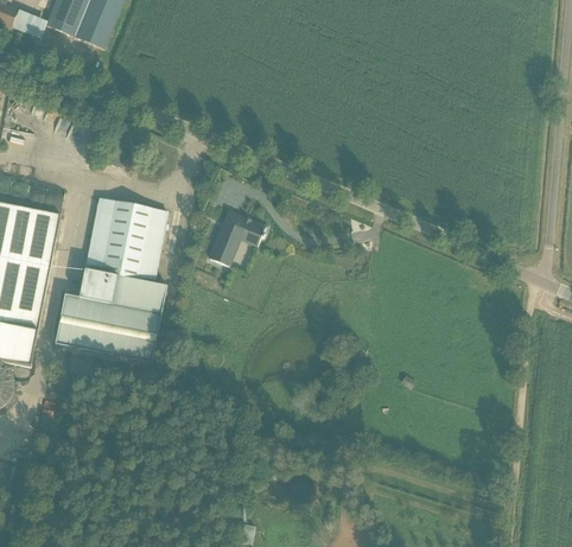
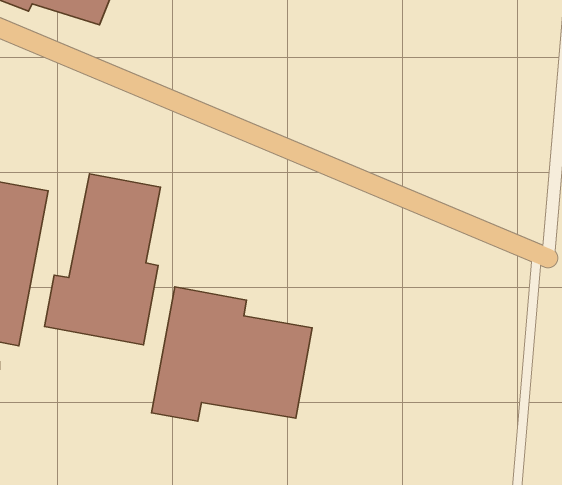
building: [206,208,265,265] -> none
building: none -> [151,287,312,421]

